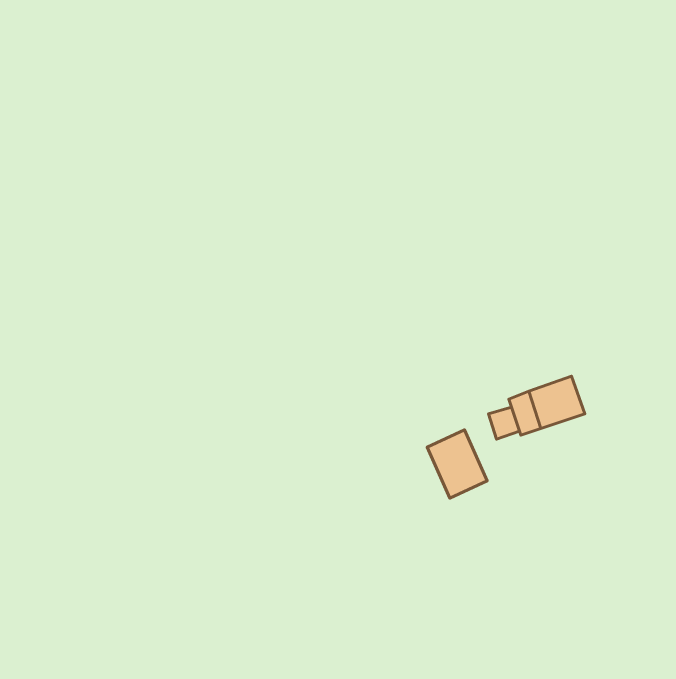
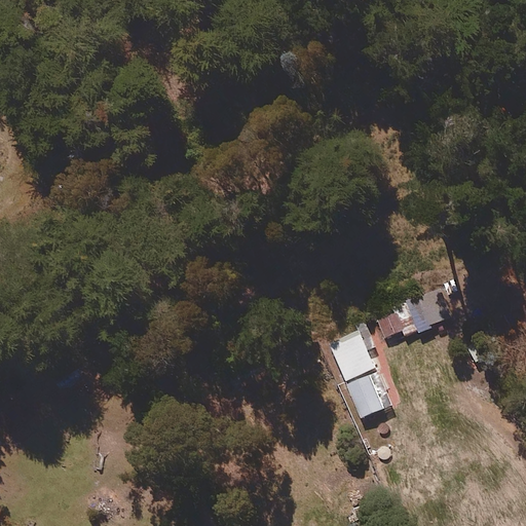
building: none -> [343,369,391,420]

